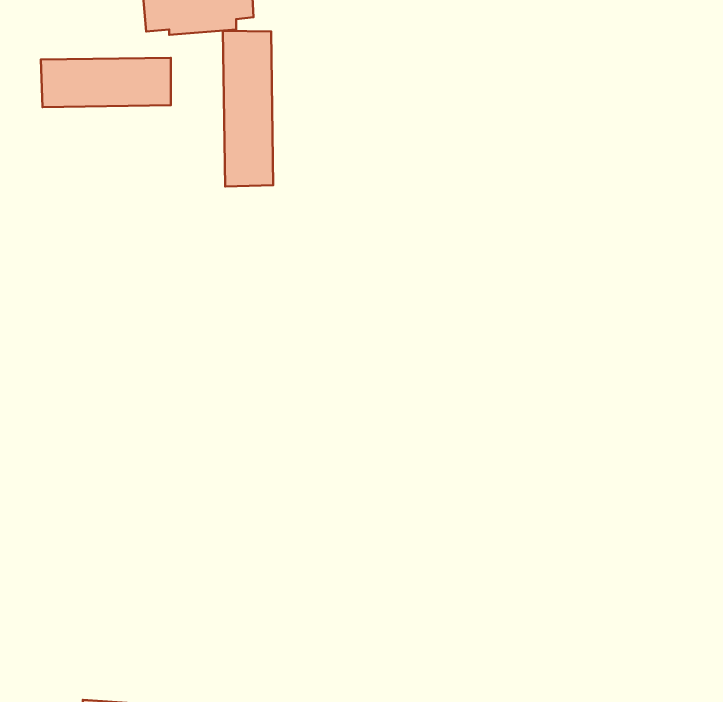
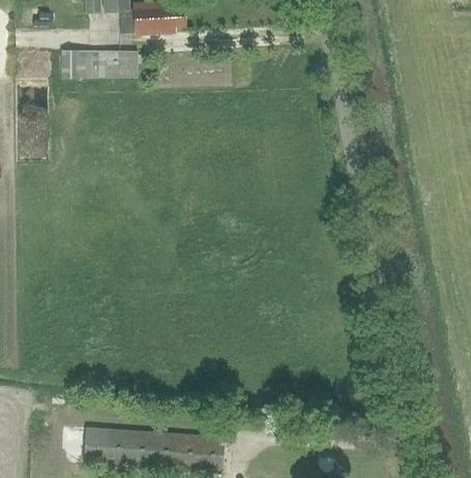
building: [223,31,273,187] -> none

